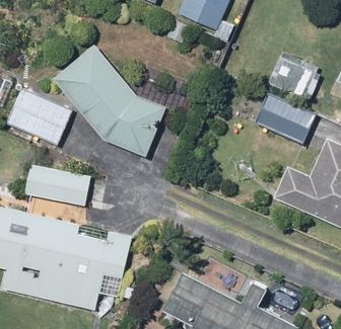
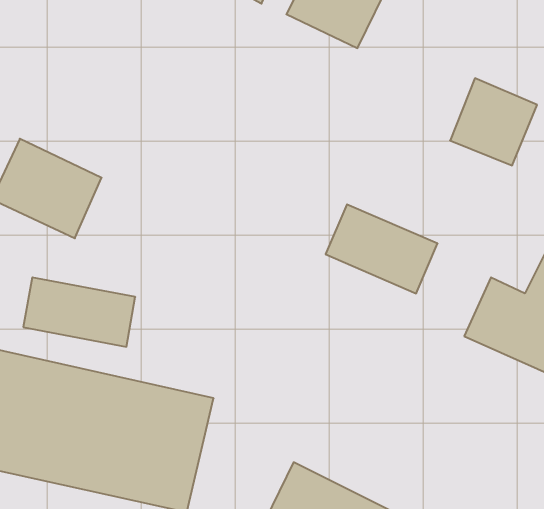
building: [57,49,162,156] -> none
building: [251,94,315,145] -> [326,204,438,293]

